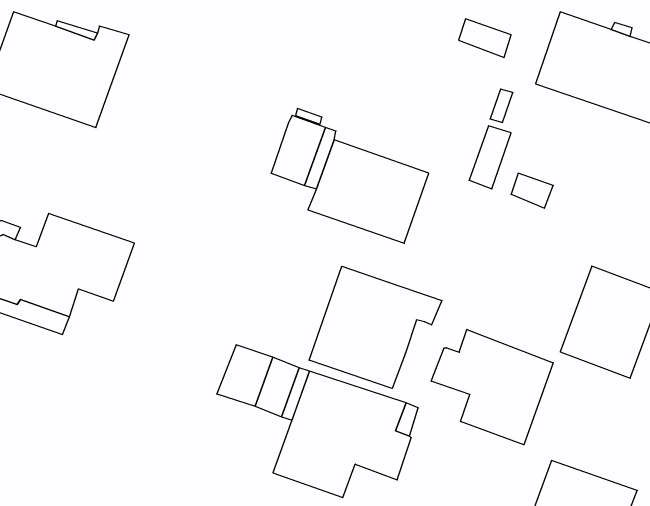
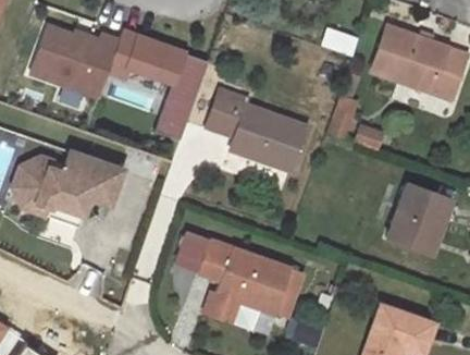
building: none -> [109,32,208,140]
building: [309,266,442,388] -> none
building: [431,329,553,445] -> none

